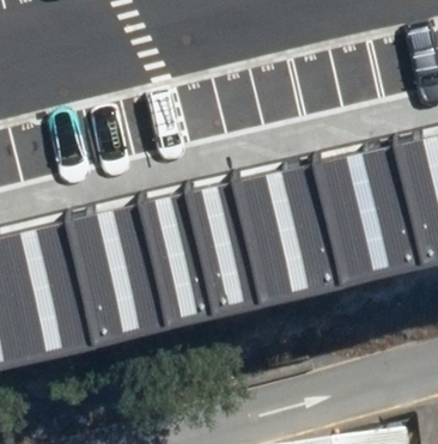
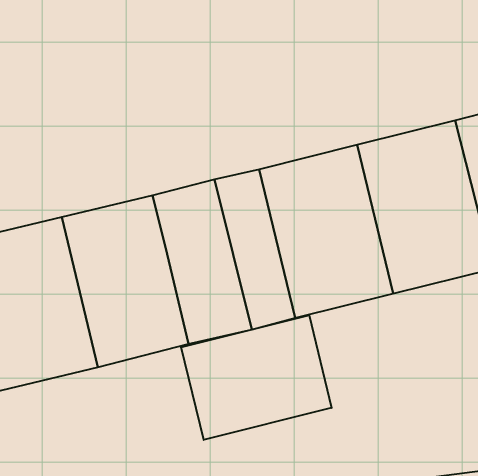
building: none -> [181,315,332,440]

